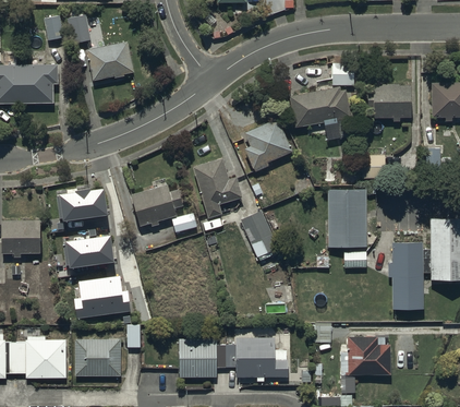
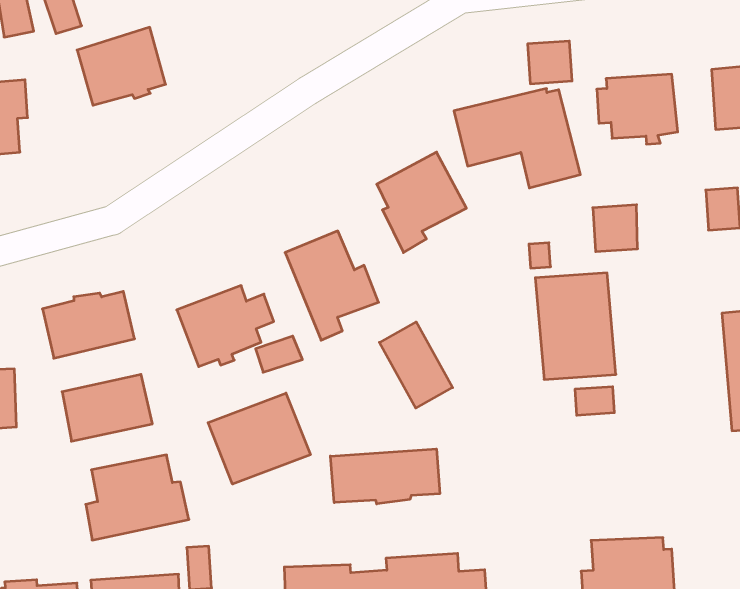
building: [387,242,422,307] -> none
building: none -> [208,393,310,484]
building: none -> [330,449,440,504]

